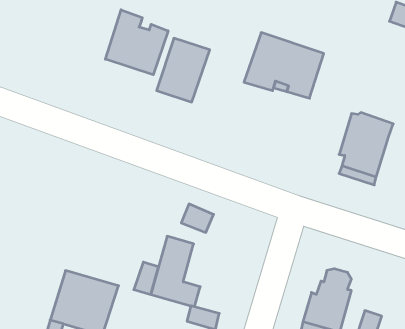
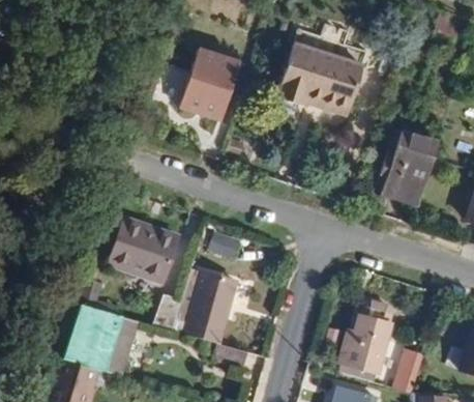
building: [105,10,168,75] -> none
building: none -> [110,216,179,282]

